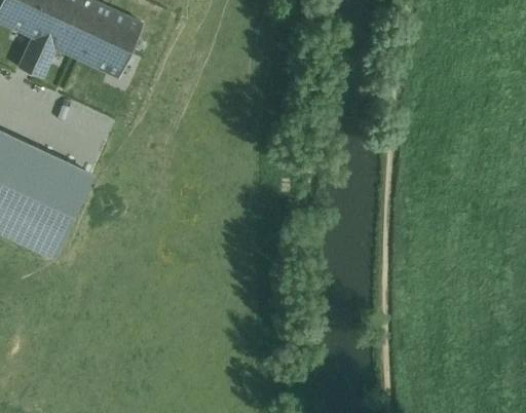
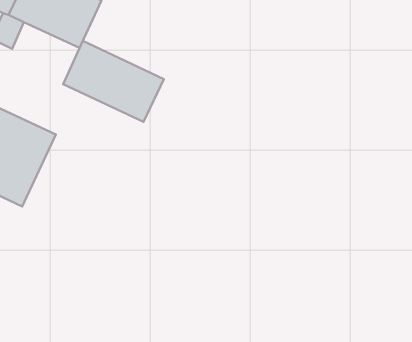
building: none -> [63,41,164,122]

